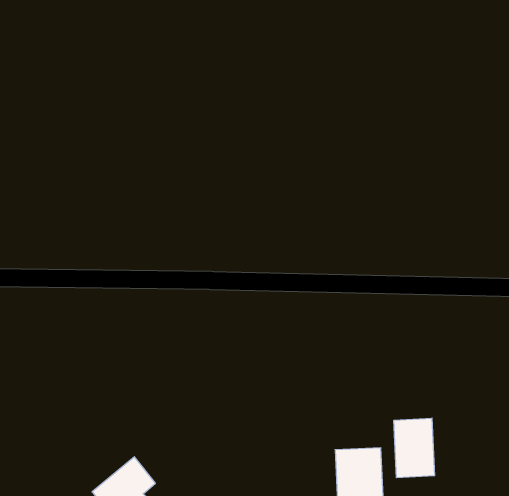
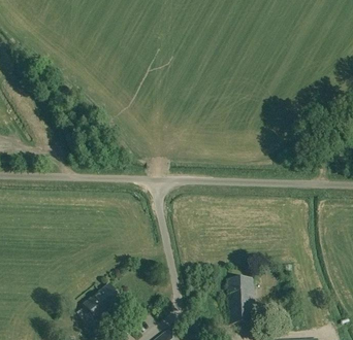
building: [394,418,435,478] -> none

